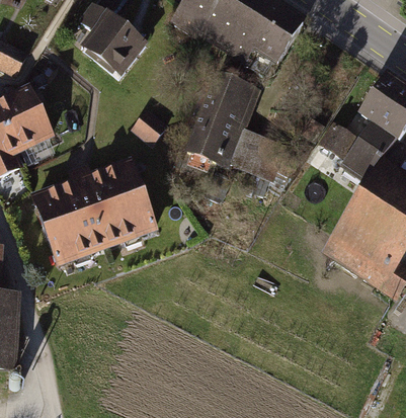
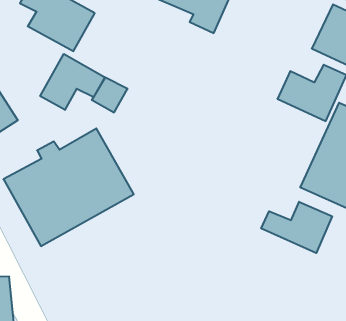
building: [185,74,286,181] -> none
building: none -> [40,54,105,110]
building: none -> [261,202,332,253]

